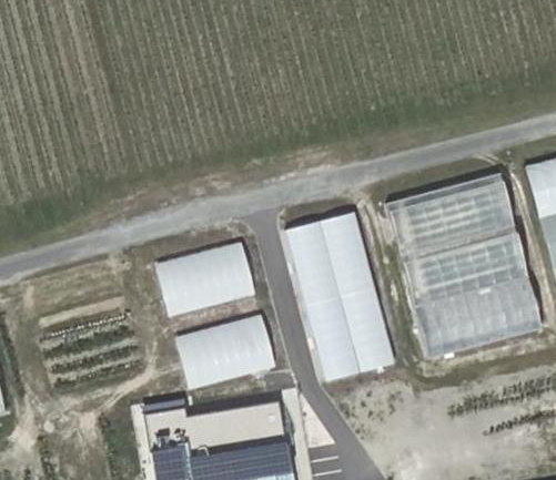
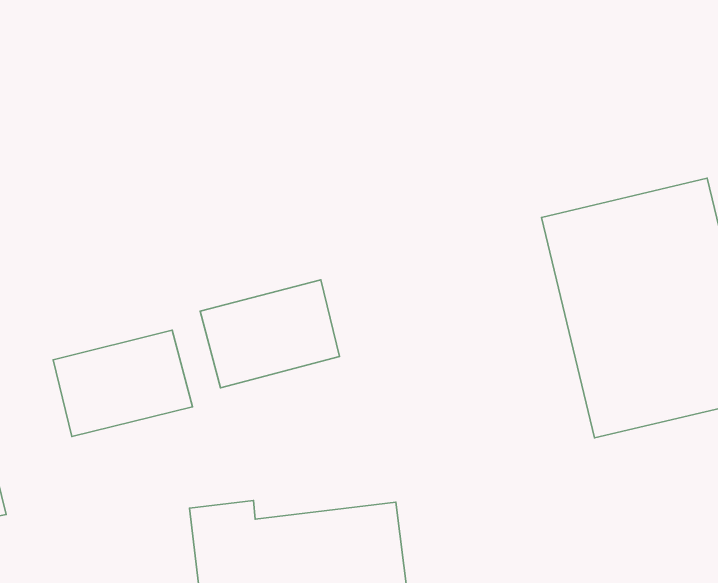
building: [284,212,394,382] -> none
building: [168,318,266,394] -> [53,330,192,436]

